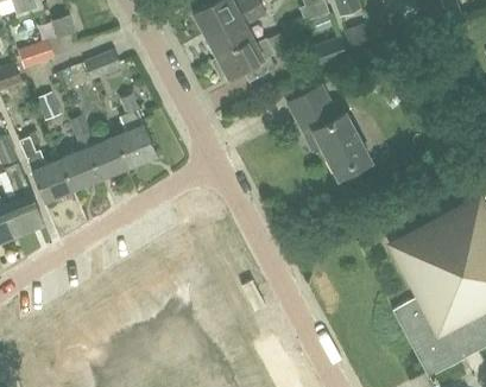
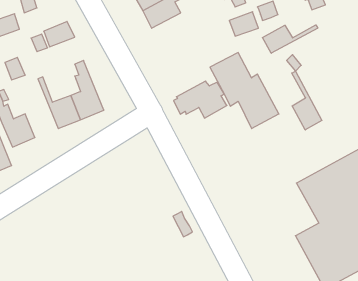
building: [212,37,277,82] -> [174,81,227,118]
building: none -> [262,25,318,53]
building: none -> [292,71,322,130]
building: [61,118,101,189] -> none

